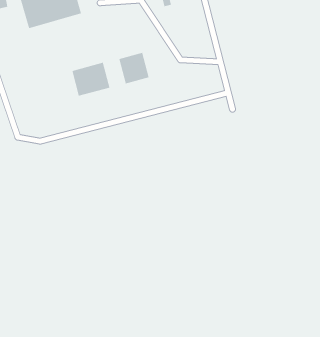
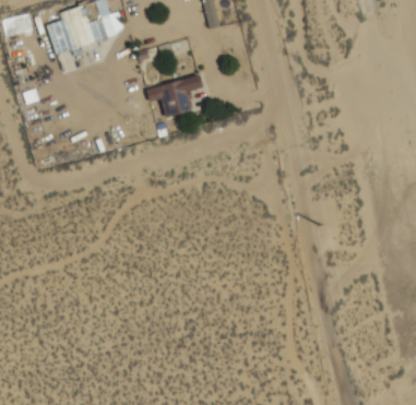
building: [72,62,110,97] -> none

